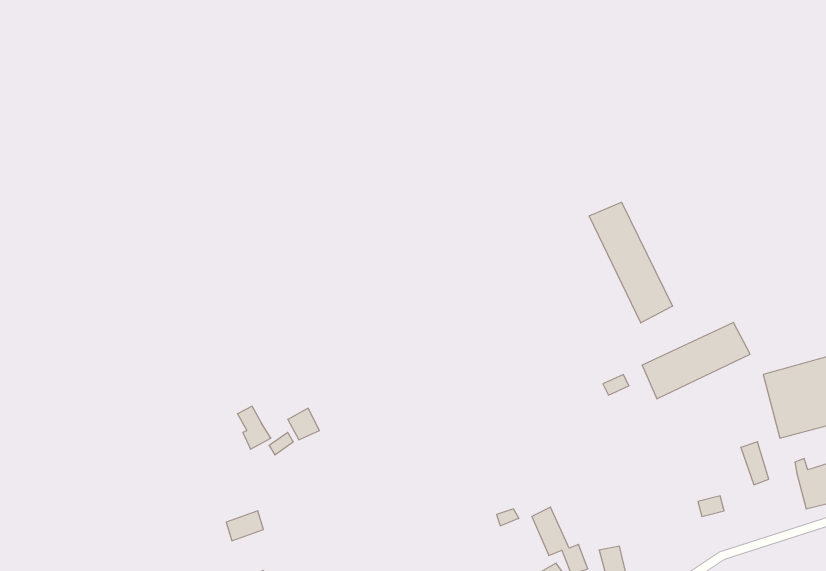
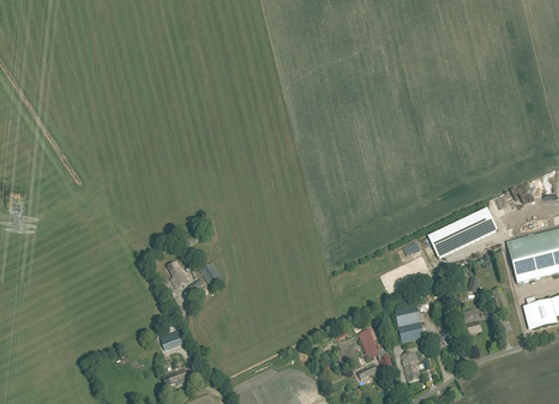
building: [589,202,673,323] -> none
building: none -> [395,302,425,340]

